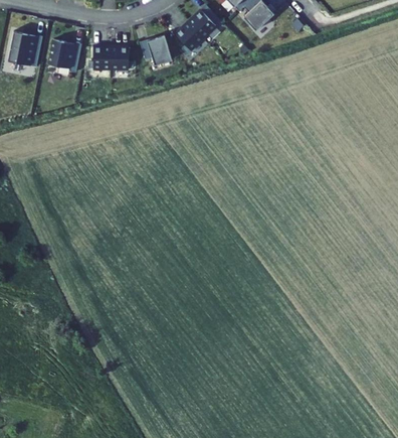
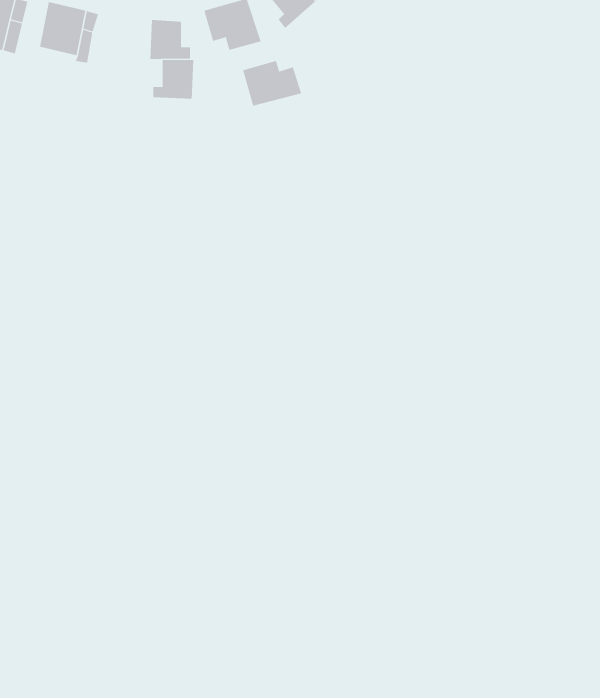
building: [88,48,112,70] -> [153,59,194,99]
building: none -> [242,60,302,106]

